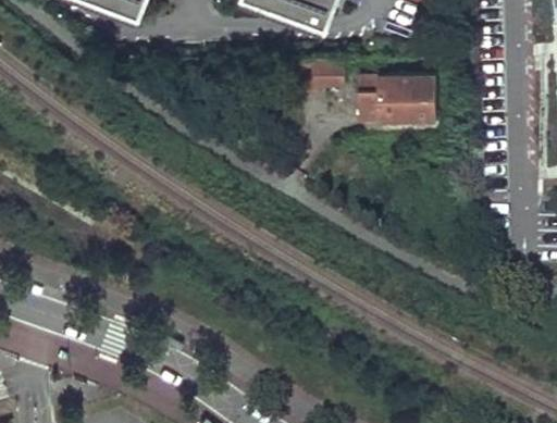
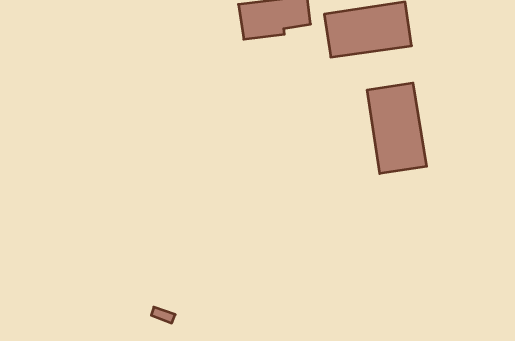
building: none -> [367,83,427,174]

